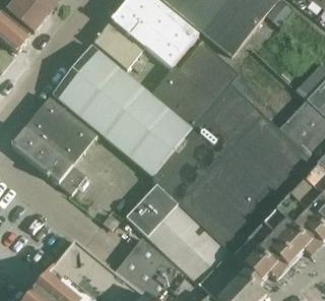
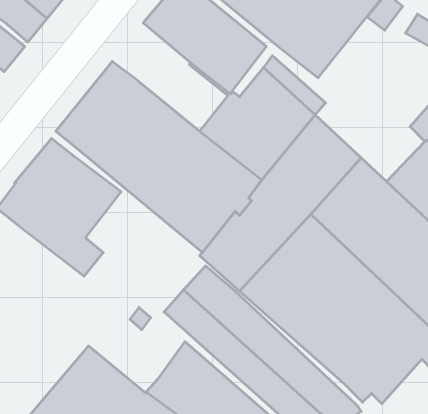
building: [93,18,145,69] -> none

